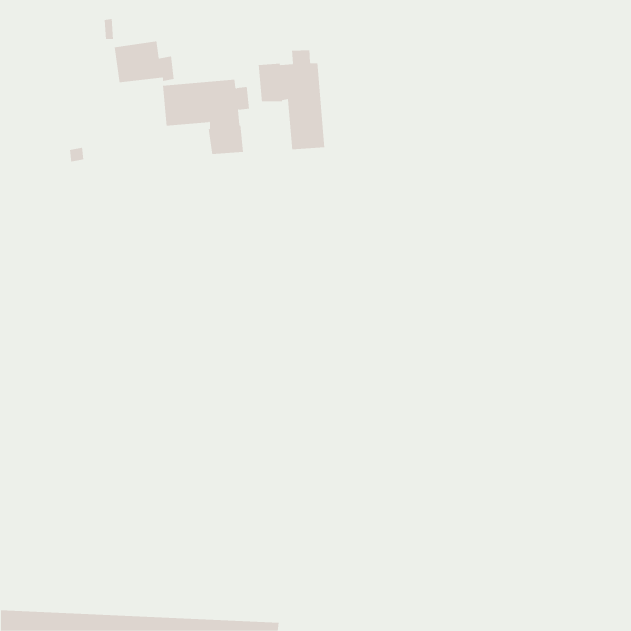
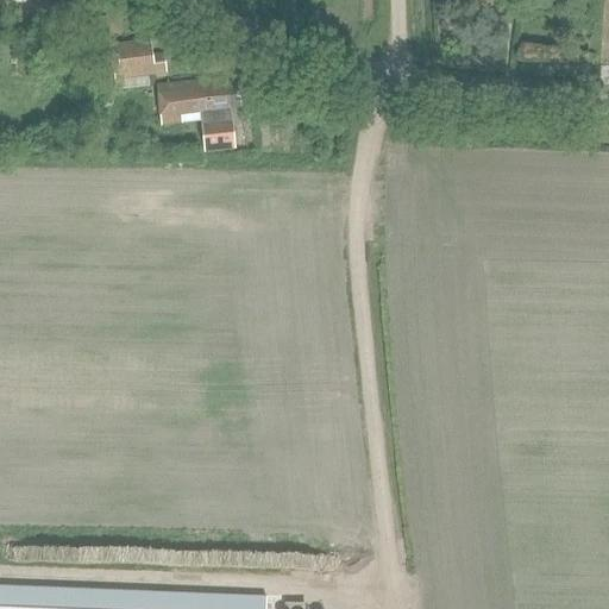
building: [258,49,325,150] -> none

